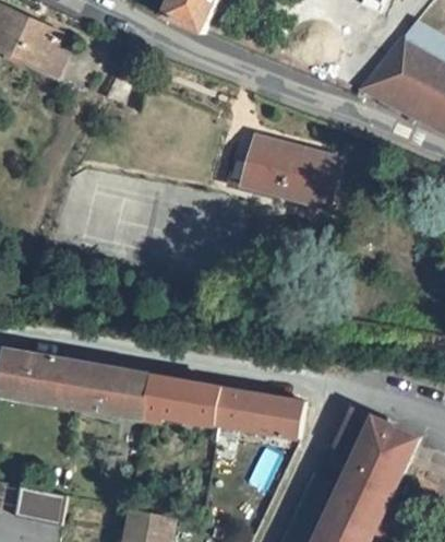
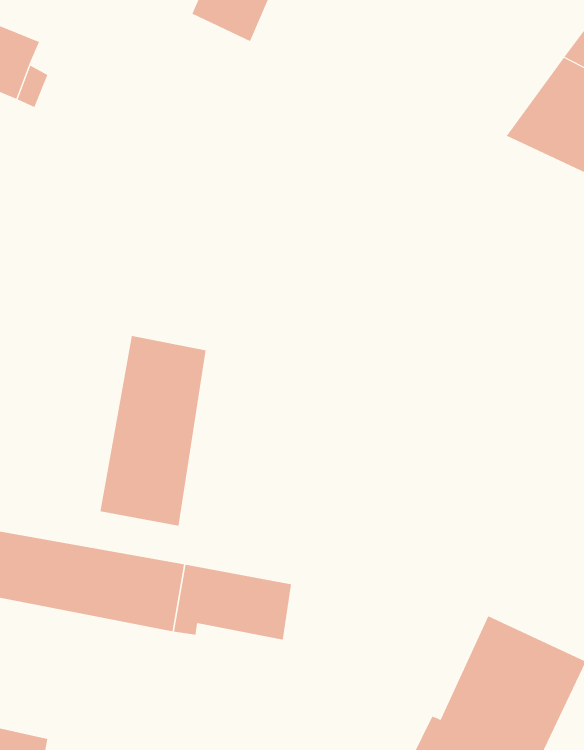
building: [240,133,339,197] -> none
building: none -> [100,335,206,526]
building: [217,390,304,441] -> none

